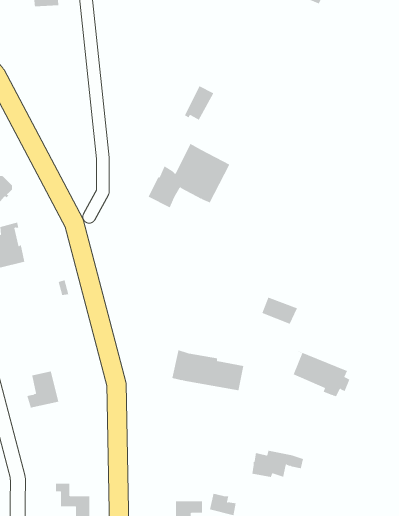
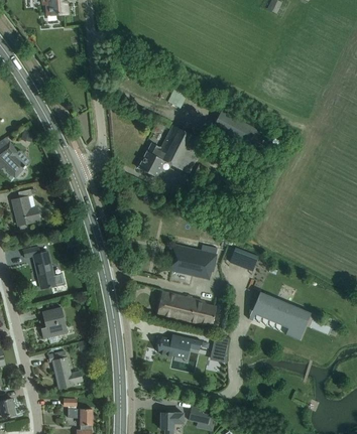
building: none -> [212,110,260,148]
building: none -> [166,244,218,280]
building: none -> [23,247,63,289]
building: none -> [48,351,82,389]
building: [251,450,304,478] -> [158,334,201,356]

